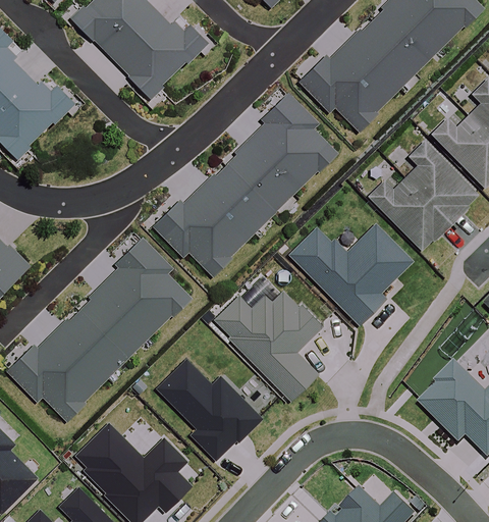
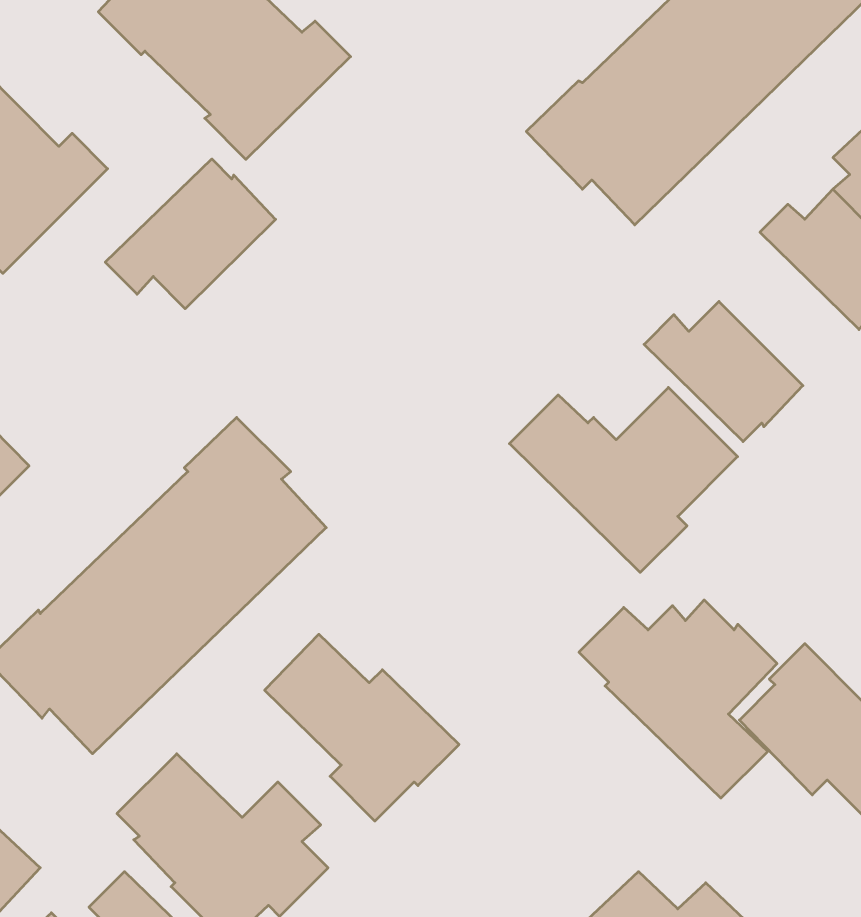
building: [154,95,339,278] -> none
building: none -> [105,159,276,309]
building: [404,141,474,220] -> none
building: [216,290,324,398] -> [579,600,777,798]

